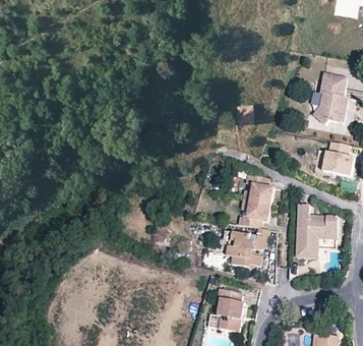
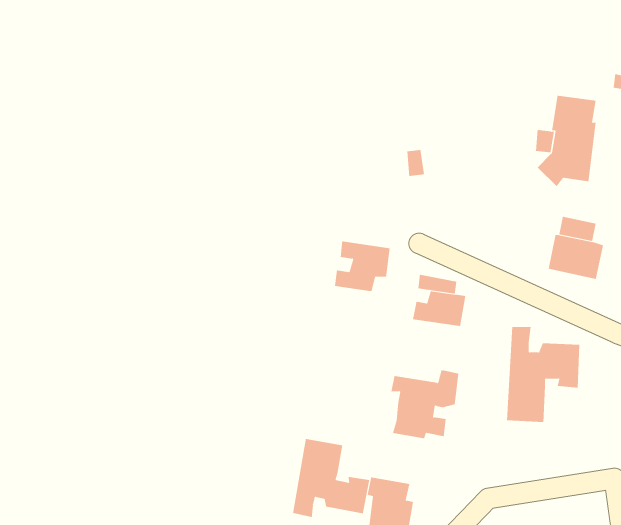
building: [239,200,270,229] -> [334,241,390,292]
building: none -> [293,438,370,518]

